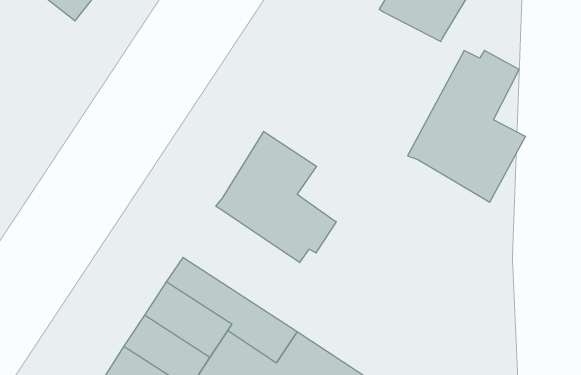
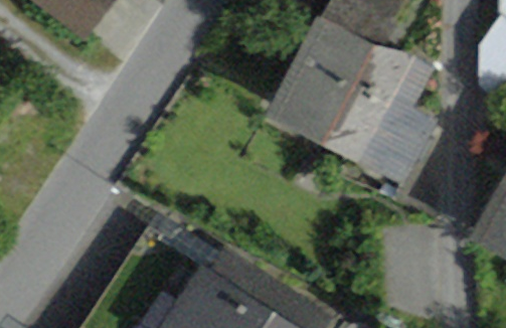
building: none -> [278,31,385,163]
building: [216,131,336,263] -> none

